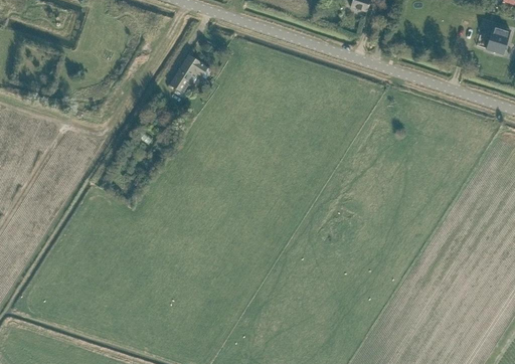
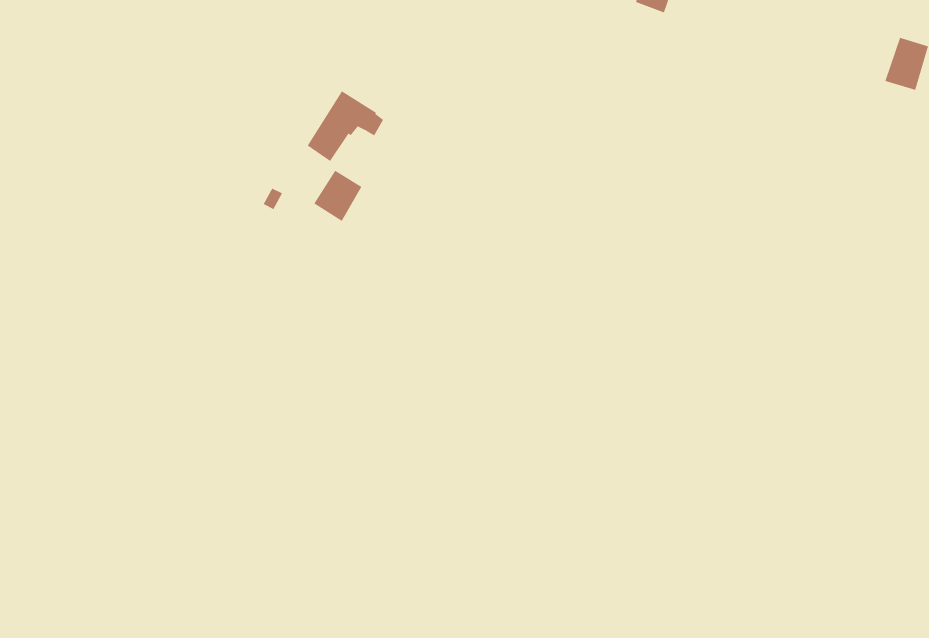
building: none -> [314,170,362,222]

